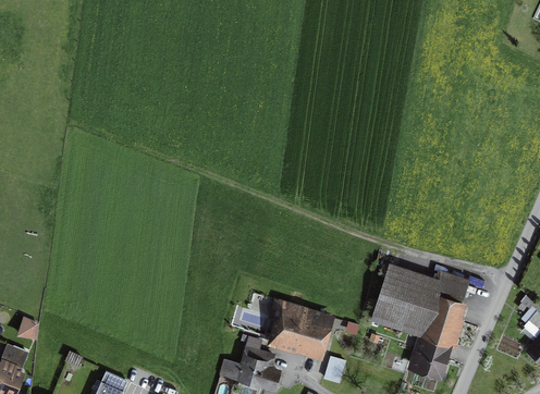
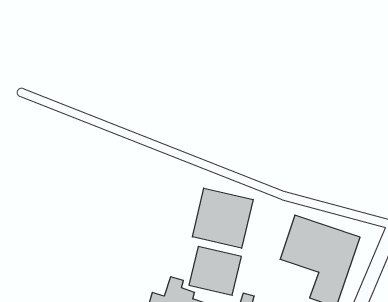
building: none -> [192,188,253,248]

